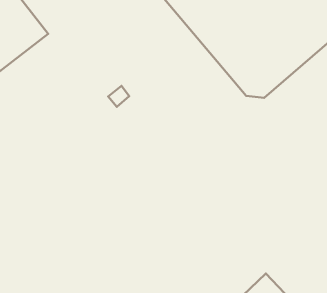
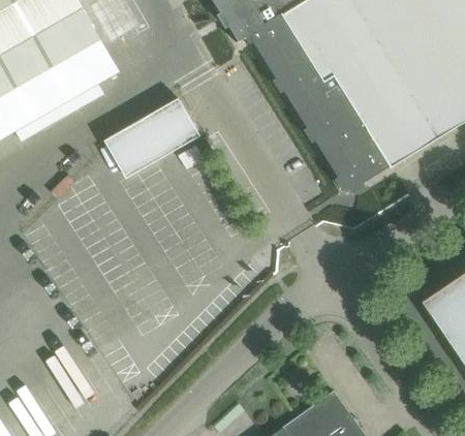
building: none -> [105,99,199,178]

